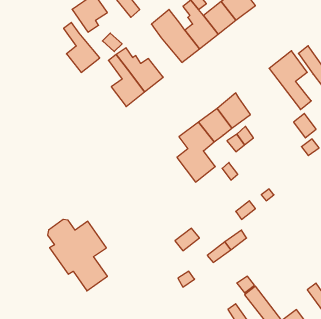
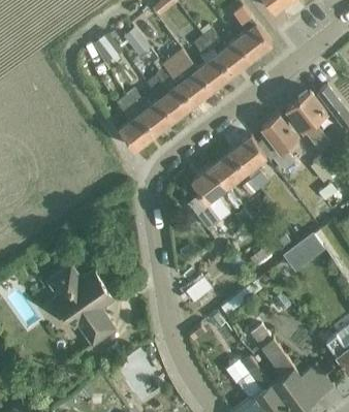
building: [64,22,100,72] -> [155,67,193,120]
building: none -> [260,116,297,172]
building: none -> [283,234,325,273]

